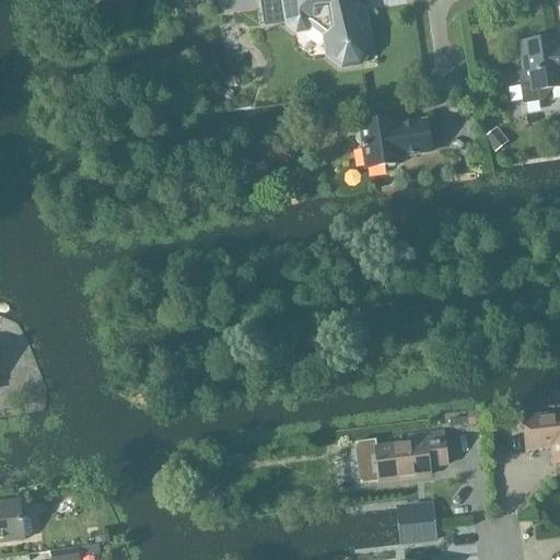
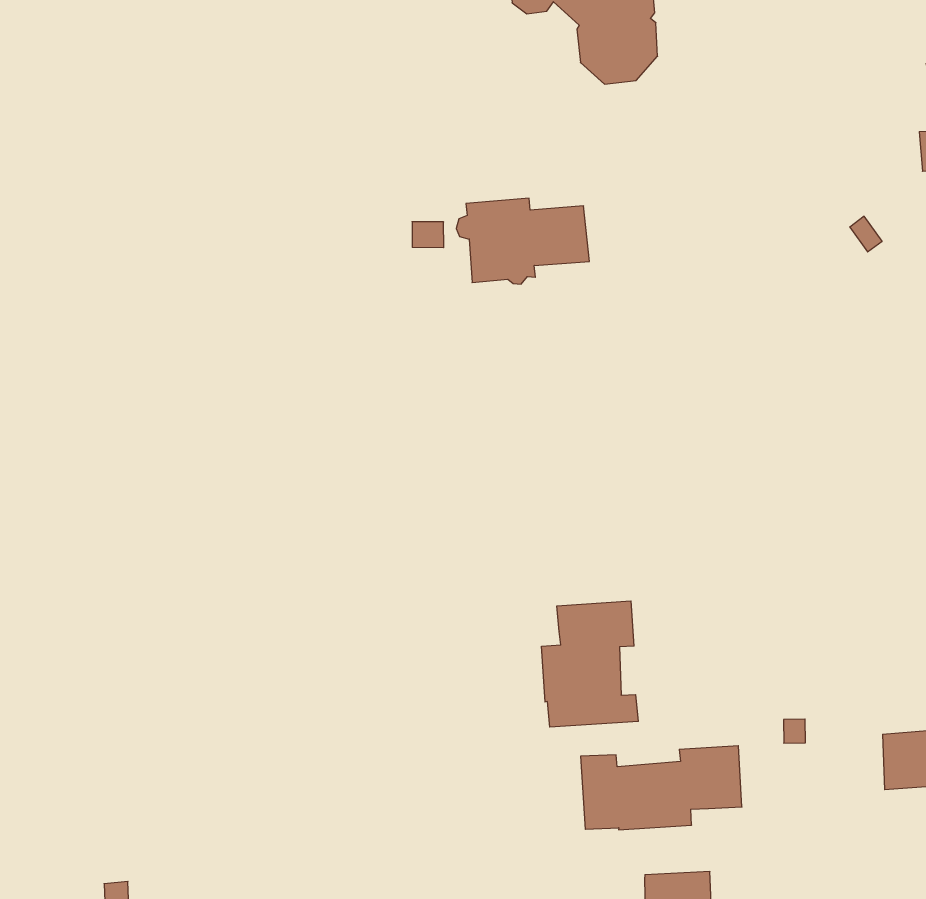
building: [355,117,431,166] -> [456,198,589,284]
building: none -> [542,601,638,727]

